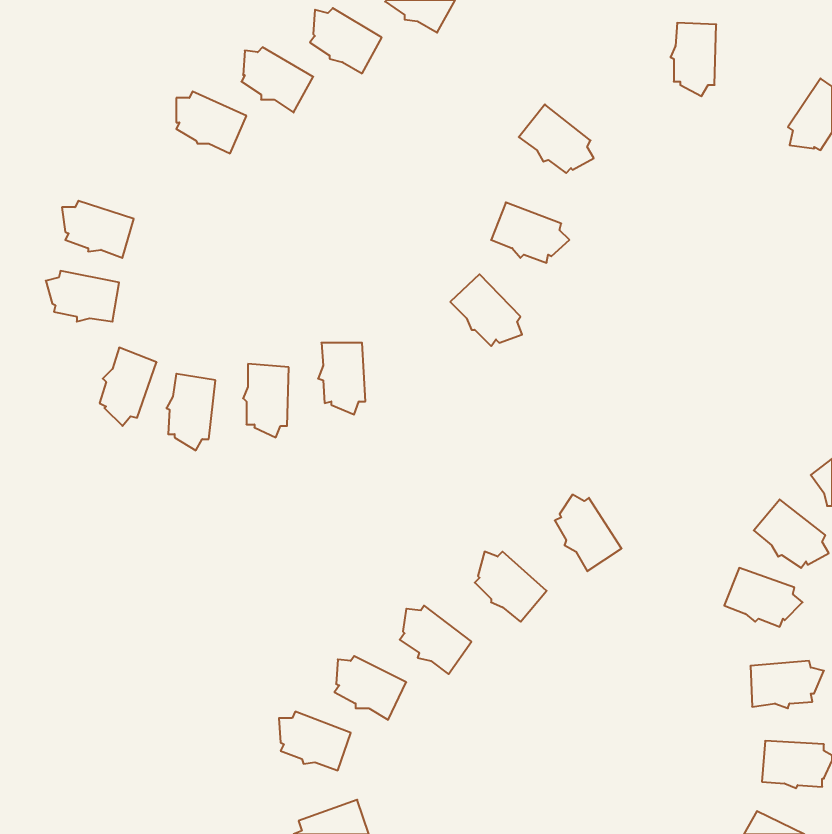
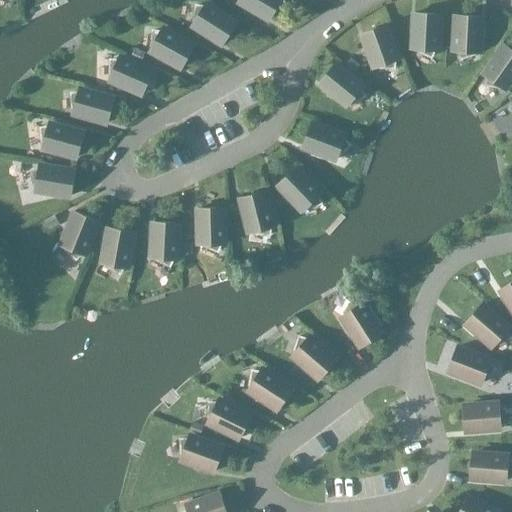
building: none -> [452,17,482,61]
building: none -> [361,26,398,70]
building: none -> [68,89,113,123]
building: none -> [239,194,272,238]

